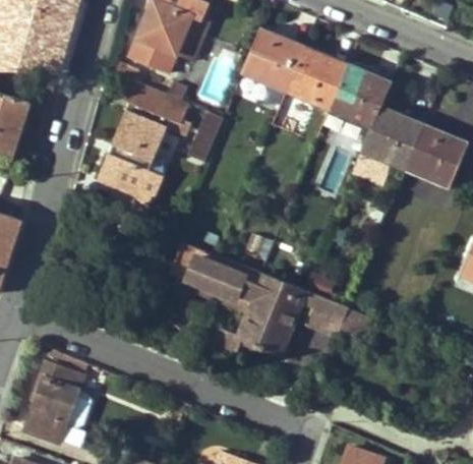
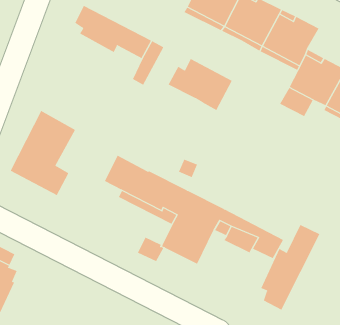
building: [98,109,167,202] -> [10,110,76,196]
building: none -> [168,58,233,111]
building: none -> [261,224,320,310]

